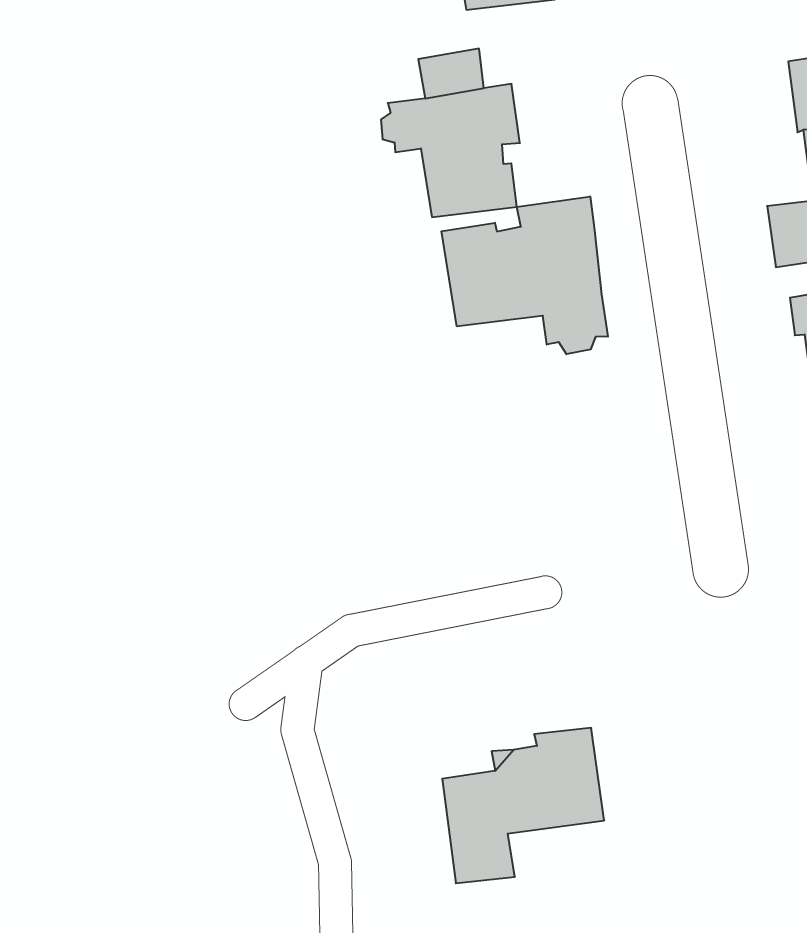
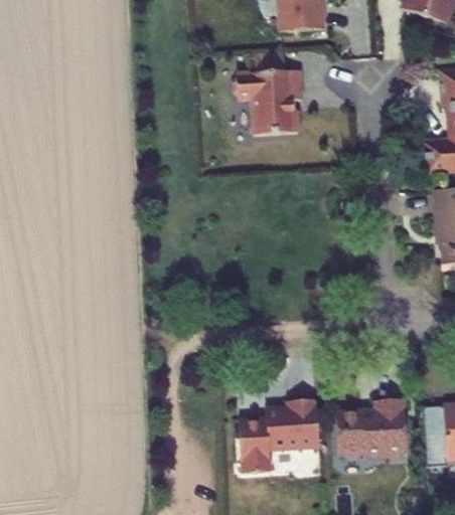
building: [441,196,608,354] -> none
building: none -> [335,399,407,458]

